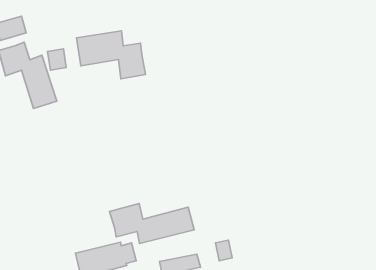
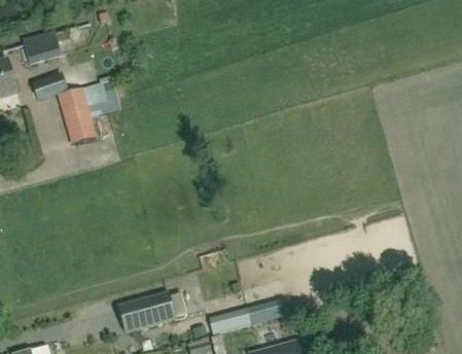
building: [76,31,145,79] -> none
building: [110,203,194,244] -> none

